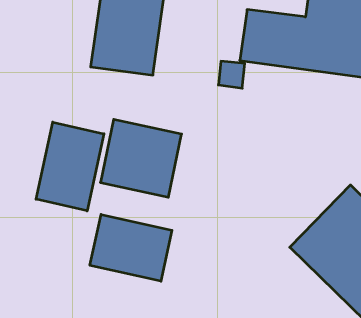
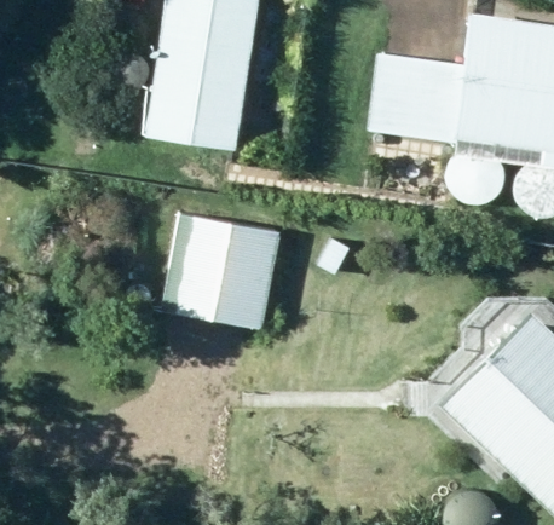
building: [36,122,104,211] -> none
building: [90,214,172,281] -> none

